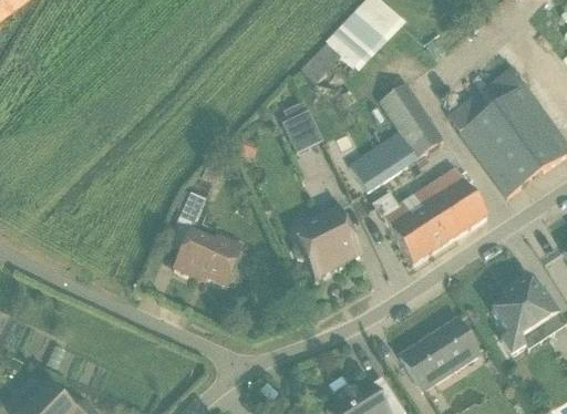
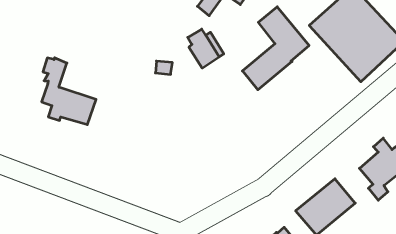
building: [380,167,485,266] -> none
building: [166,192,239,287] -> [42,58,96,125]
building: [289,206,361,279] -> none

